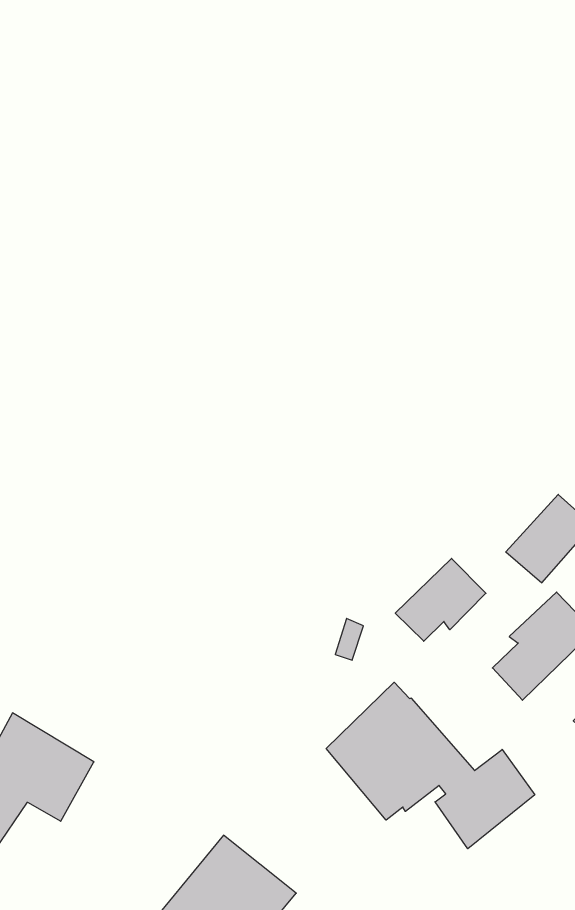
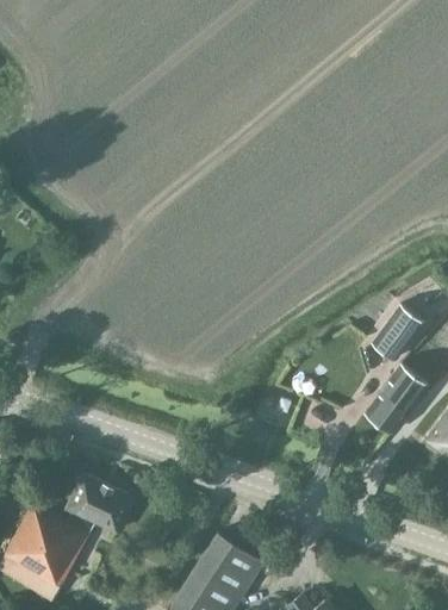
building: [395,558,486,641] -> none
building: [326,682,535,849] -> none

